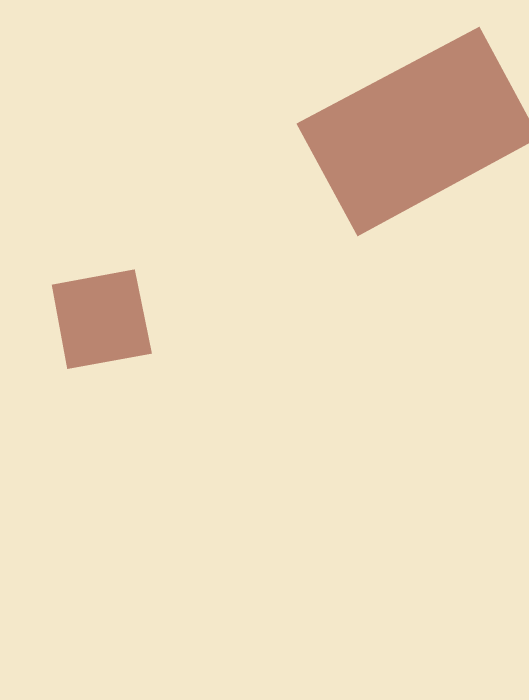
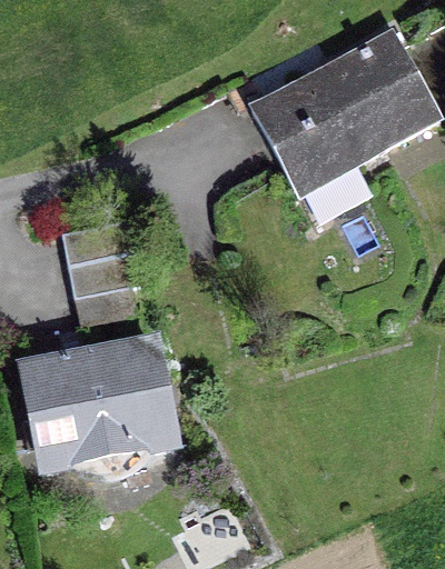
building: none -> [26,342,170,468]

